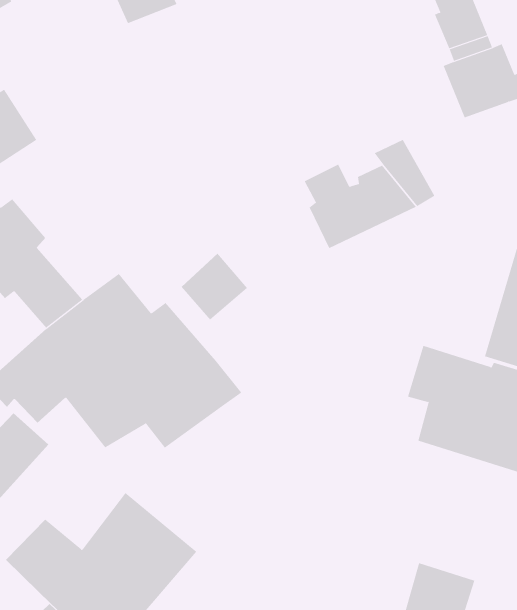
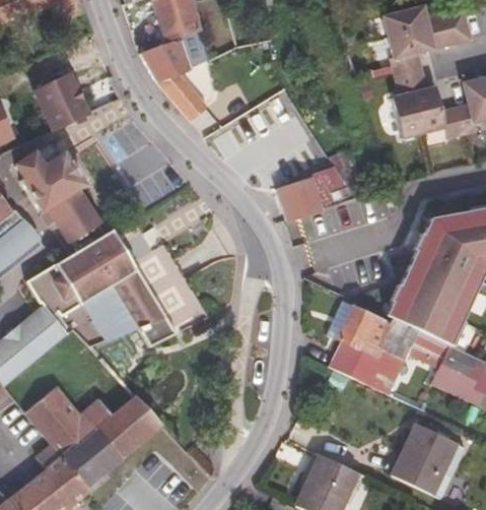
building: none -> [140,38,207,120]
building: [181,253,248,321] -> none

